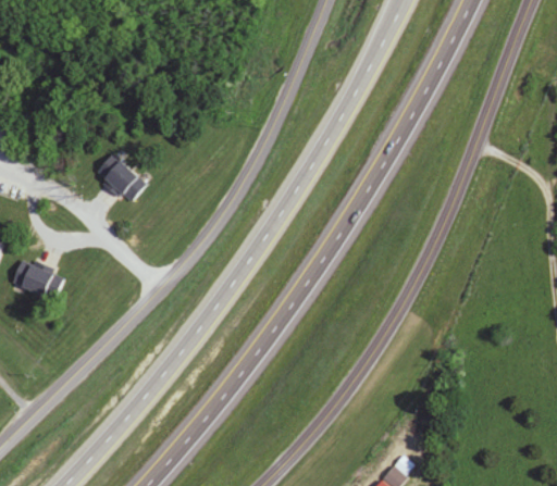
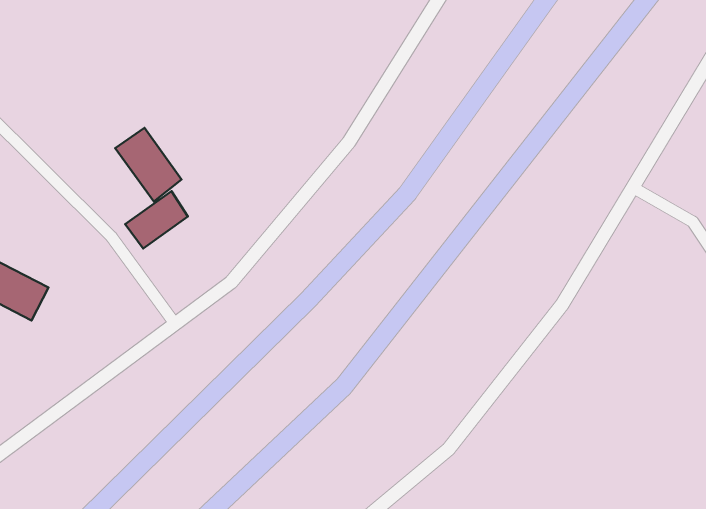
building: none -> [125,191,188,249]

